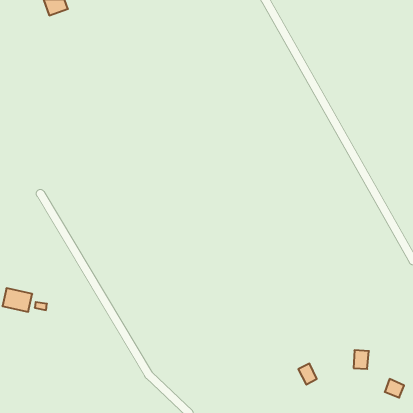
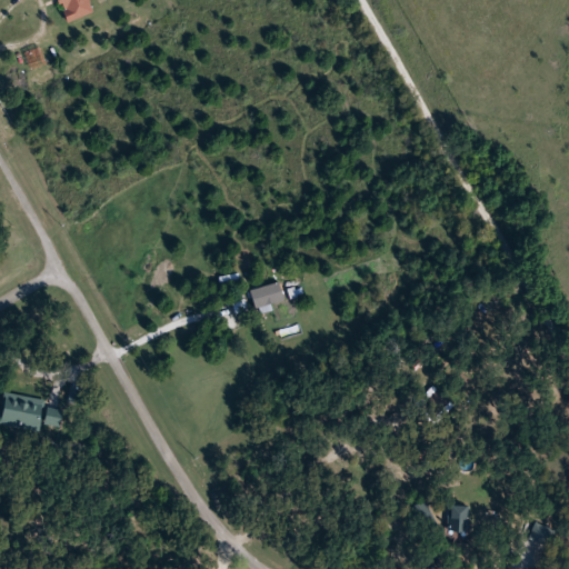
building: none -> [249,280,287,310]
building: [354,350,369,369] -> [449,503,470,529]

